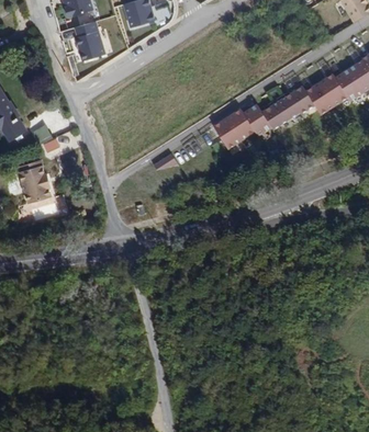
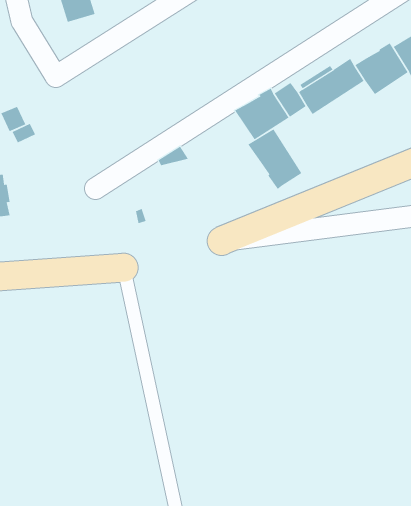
building: none -> [248,129,302,190]

